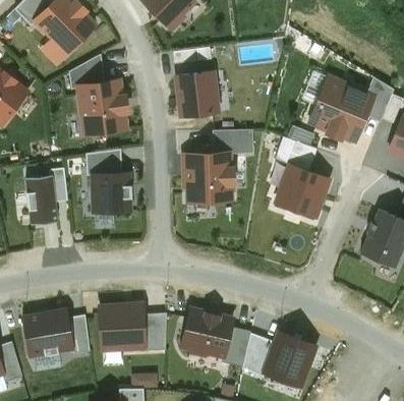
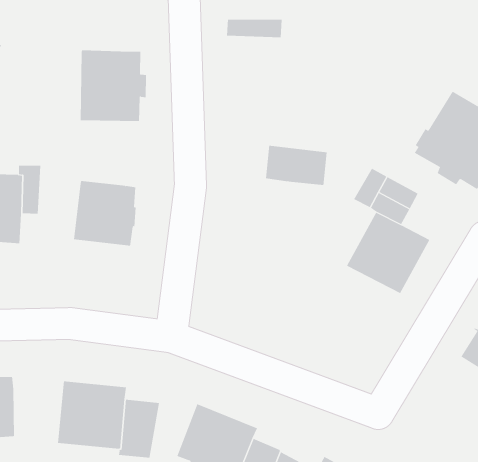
building: [69,54,106,90] -> none
building: [177,71,217,117] -> none
building: [85,149,122,175] -> none
building: [184,154,233,202] -> none
building: [68,316,91,354] -> none

